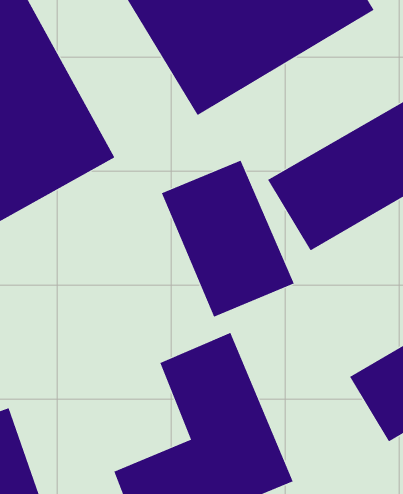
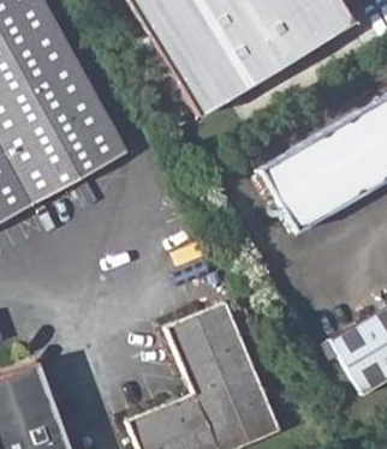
building: [161,160,295,318] -> none

